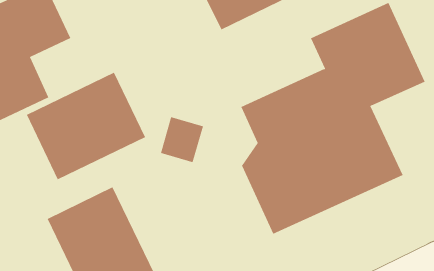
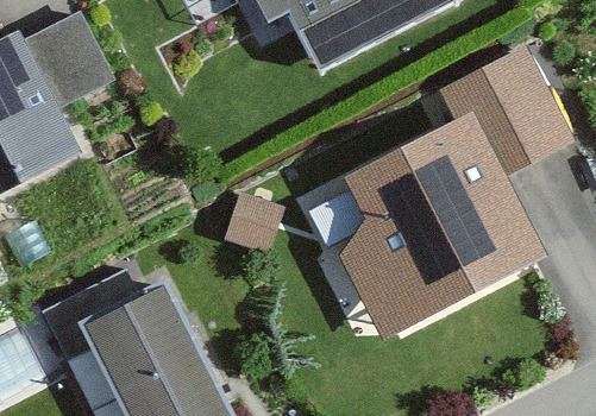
building: [26,72,146,180] -> none

